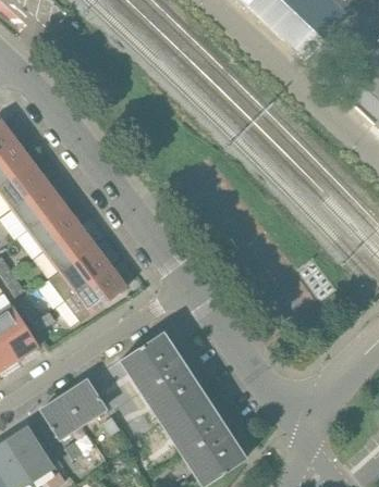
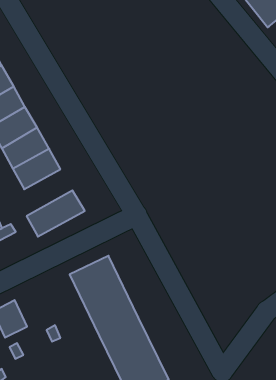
building: [49,245,112,301] -> none
building: [64,379,106,422] -> none

